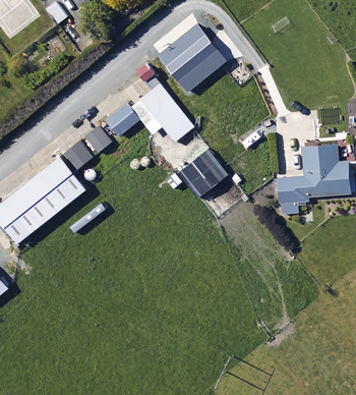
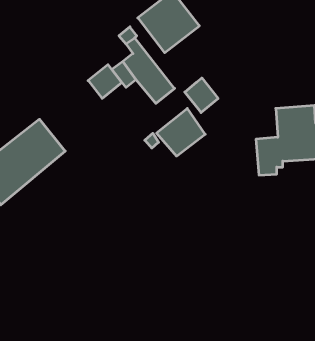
building: none -> [185,78,218,113]
building: [85,125,113,153] -> none
building: [64,140,94,170] -> none

